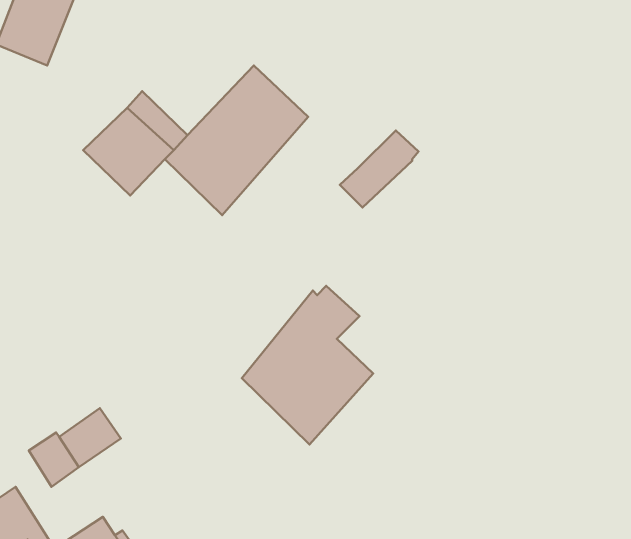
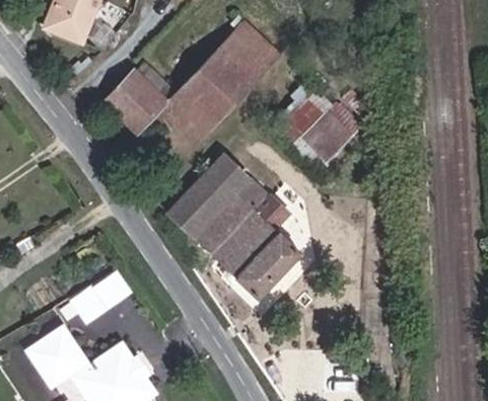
building: none -> [221,21,280,79]
building: none -> [294,108,354,167]
building: none -> [170,153,266,254]

